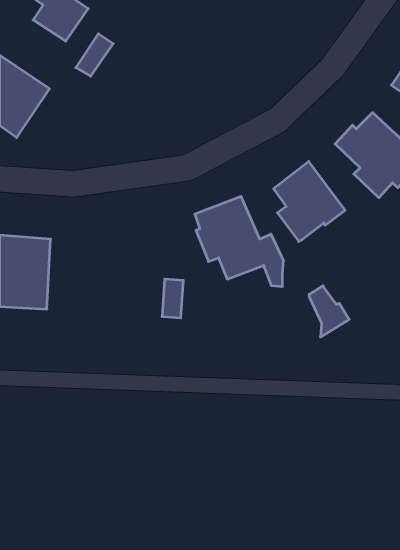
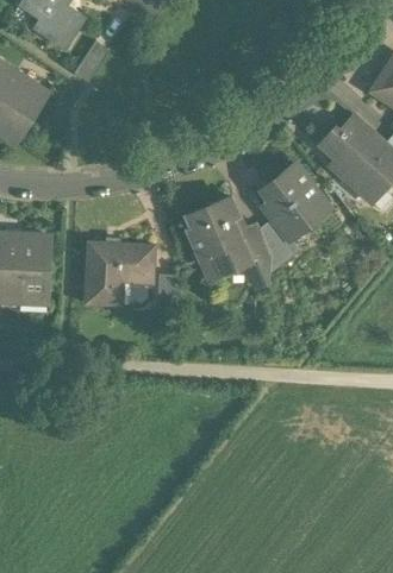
building: none -> [83,243,154,306]
building: [309,286,349,337] -> [258,221,297,270]

